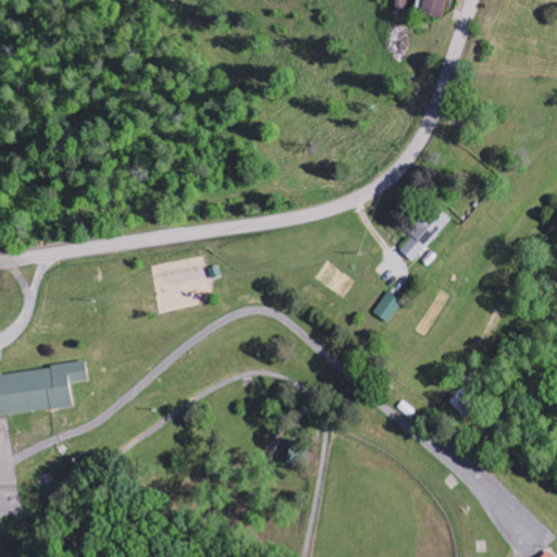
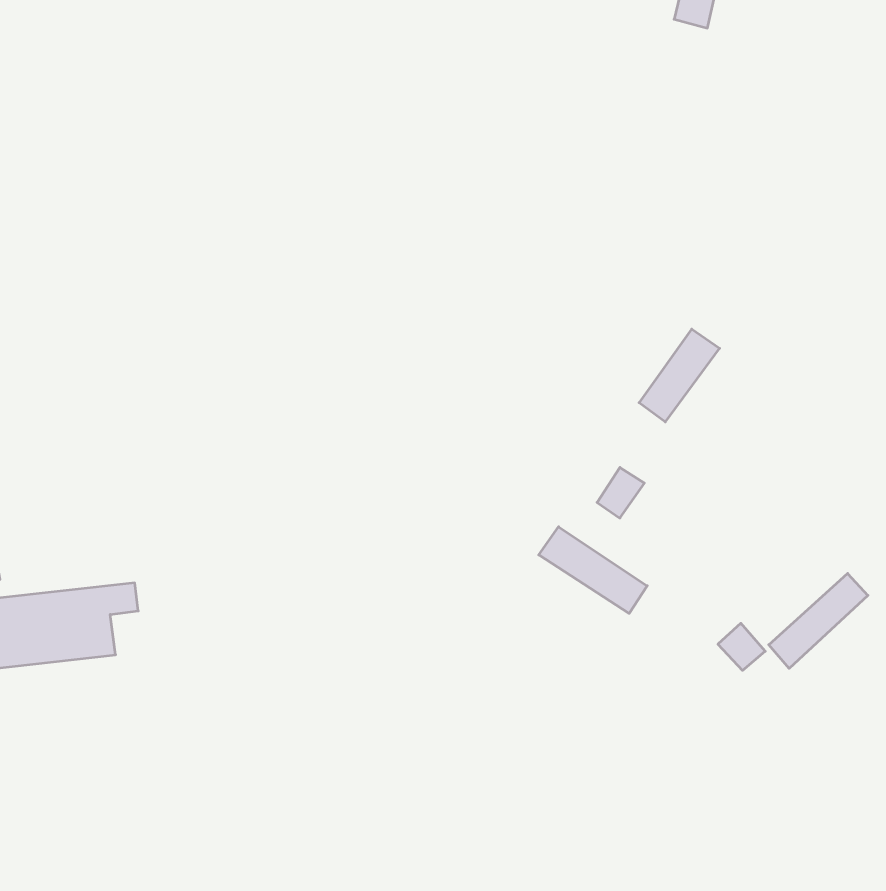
building: none -> [539,527,647,613]
building: none -> [769,573,868,668]

